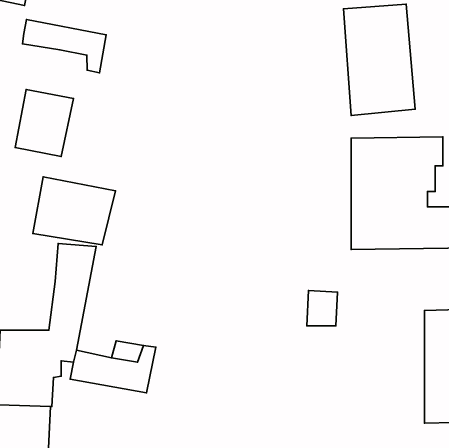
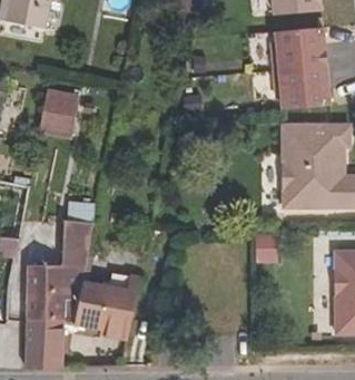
building: [23,19,106,73] -> none
building: [33,177,116,245] -> none
building: none -> [73,302,134,341]

